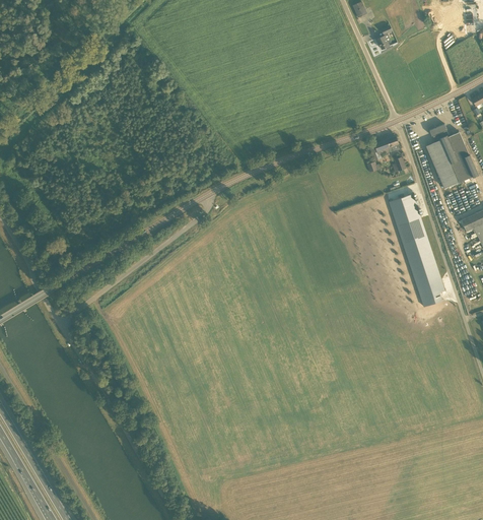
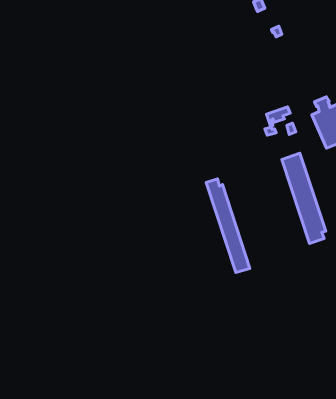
building: none -> [206,179,250,273]

